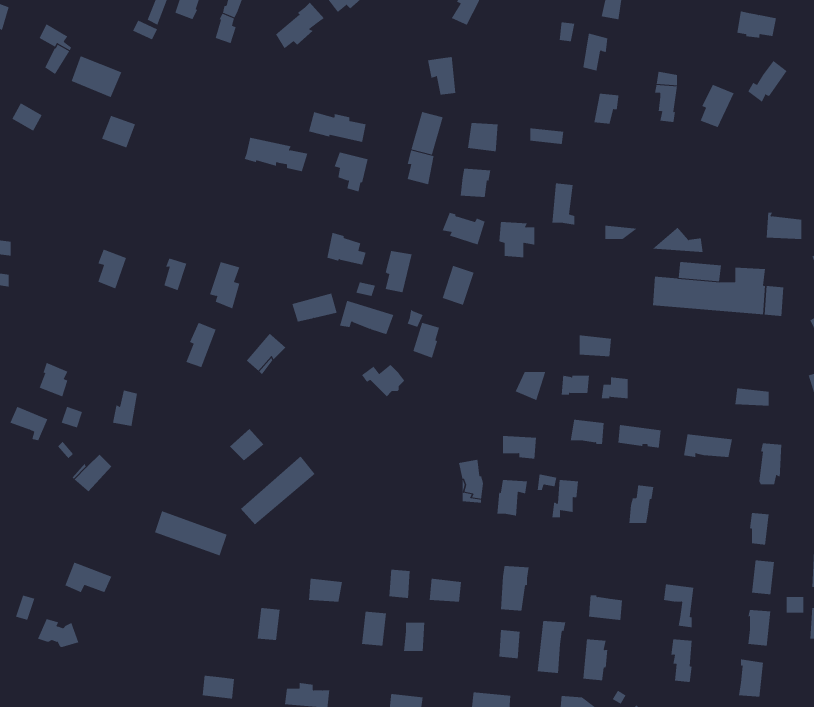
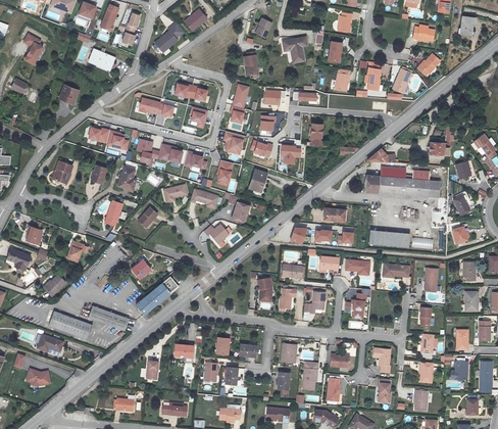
building: none -> [283,36,306,62]
building: [71,56,122,98] -> [87,48,115,72]
building: none -> [89,128,129,150]
building: none -> [222,131,245,155]
building: none -> [137,139,183,168]
building: none -> [370,231,410,248]
building: none -> [50,312,93,340]

